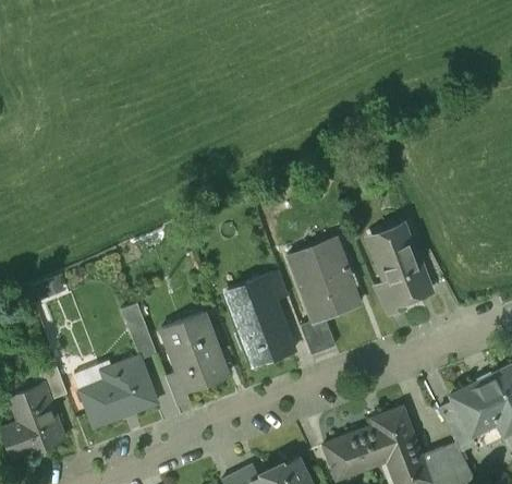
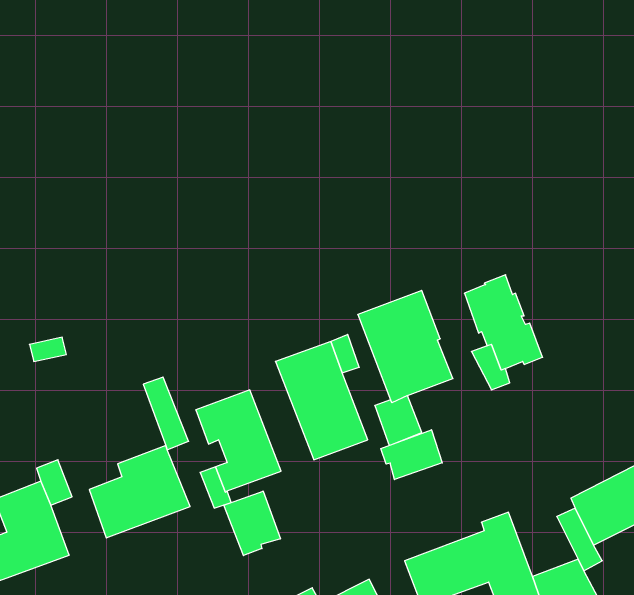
building: none -> [381,430,442,480]
building: none -> [224,491,280,556]

